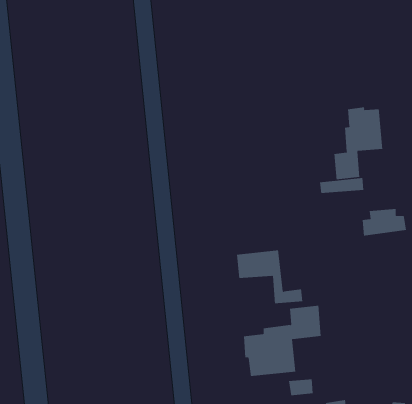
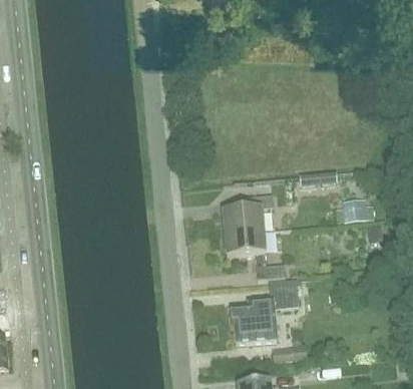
building: [334,106,383,180] -> none
building: none -> [223,198,274,237]

